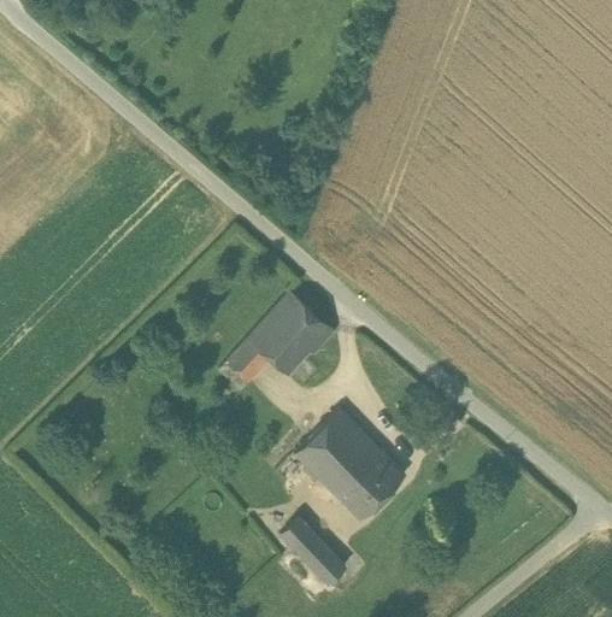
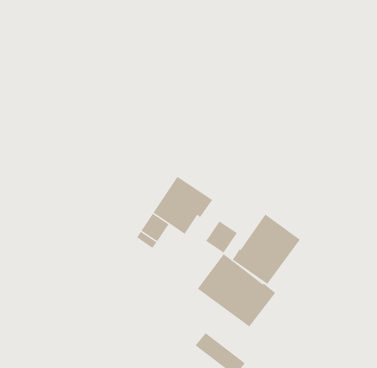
building: none -> [232,214,301,285]
building: none -> [205,220,238,254]

